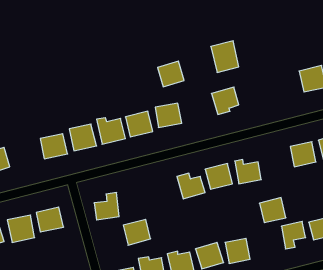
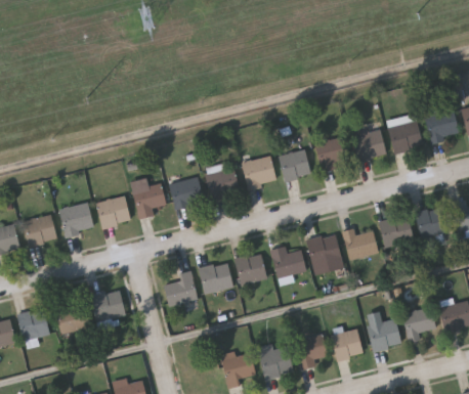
building: [211,41,239,72] -> [350,123,386,163]
building: [158,61,184,87] -> [278,149,311,182]
building: none -> [387,122,423,154]
building: none -> [58,203,94,236]
building: none -> [379,216,413,247]
building: none -> [236,254,266,284]
building: [259,198,286,223] -> [368,319,401,351]
building: [123,219,151,245] -> [199,262,233,295]

